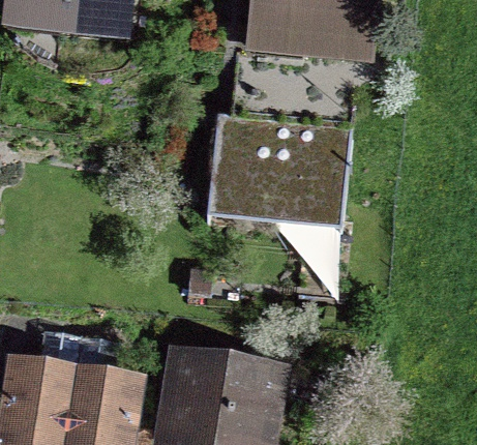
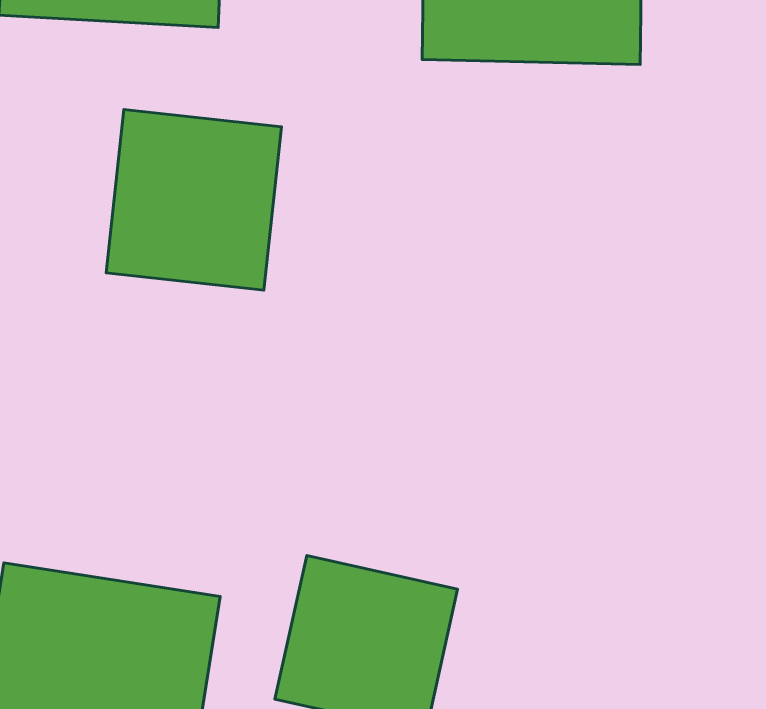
building: none -> [106,109,282,290]
building: [202,118,348,236] -> none

